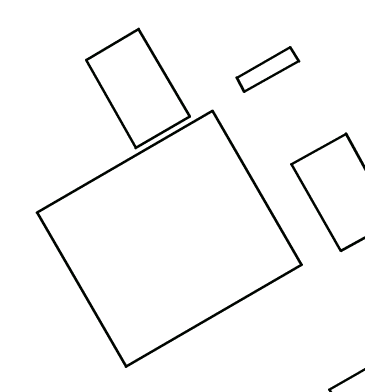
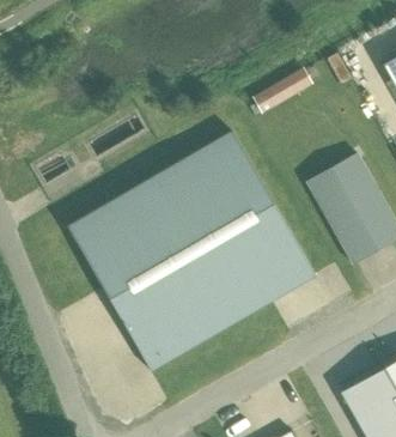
building: [86,29,190,148] -> none

